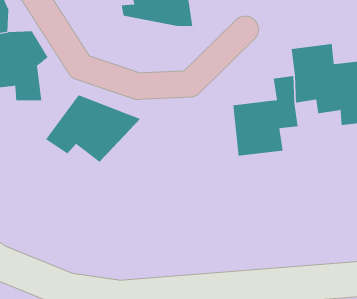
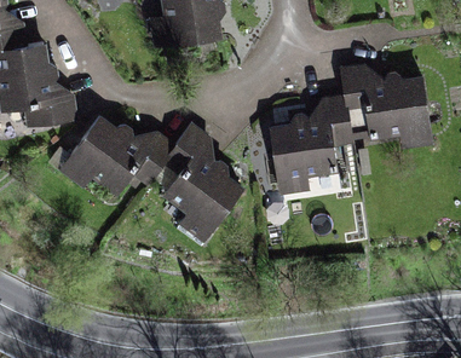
building: none -> [136,127,246,243]

